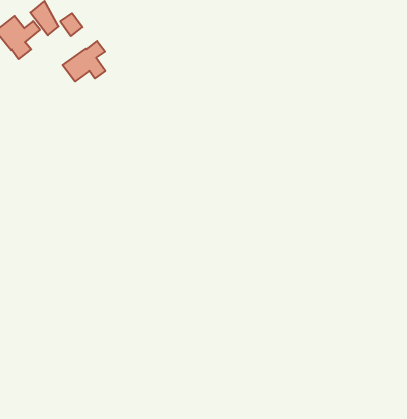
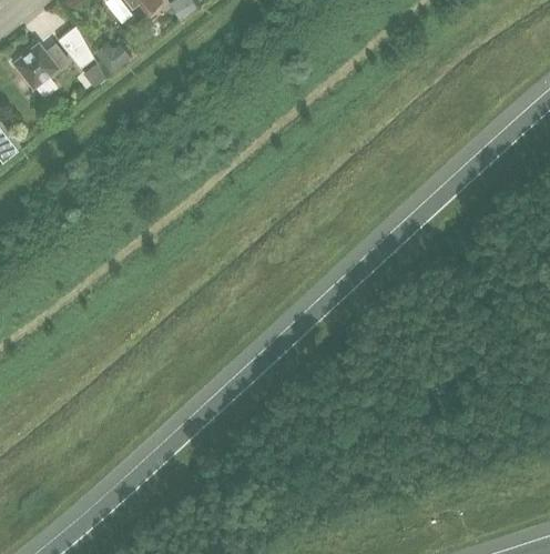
building: [63,41,105,81] -> none

